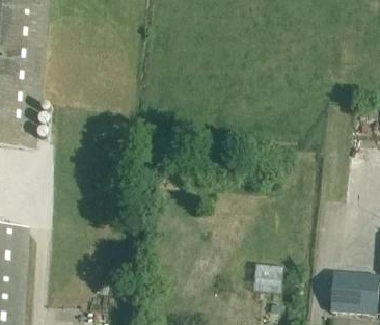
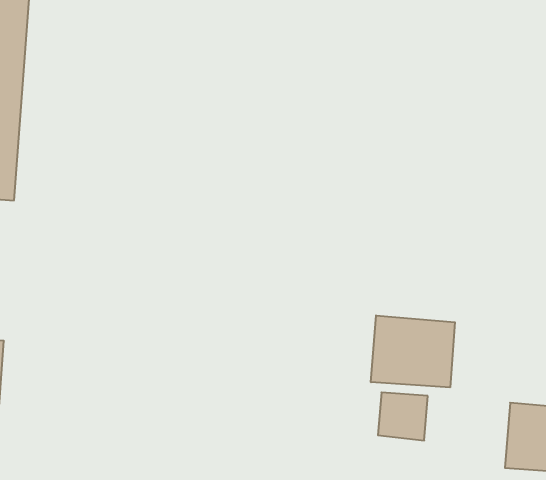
building: none -> [371,315,455,387]

